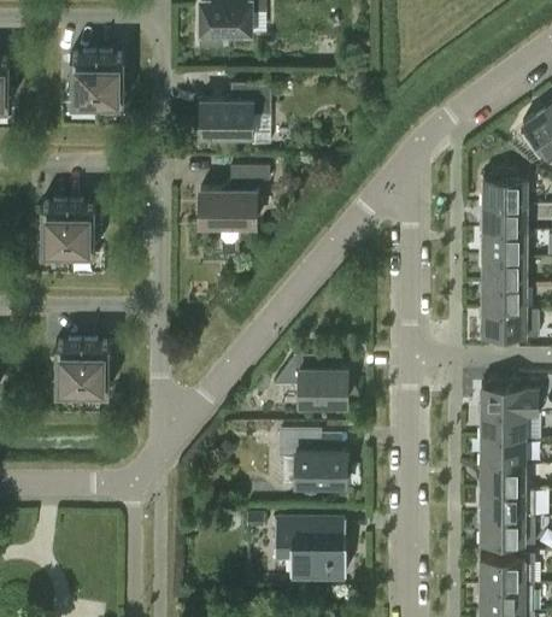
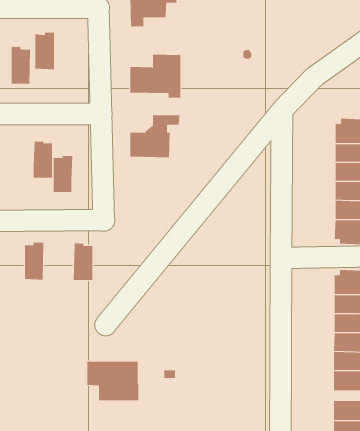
building: [98,53,125,105] -> [11,46,31,84]
building: [41,202,69,253] -> [53,156,73,193]
building: [82,341,110,393] -> [73,243,93,281]
building: [274,354,347,410] -> none
building: [281,430,347,496] -> none
building: [275,519,347,574] -> [87,361,139,401]

